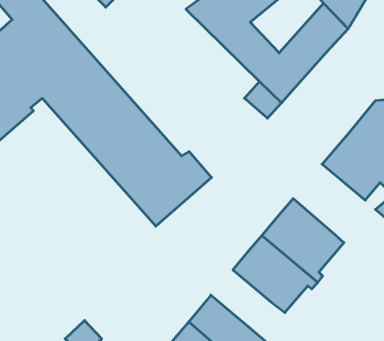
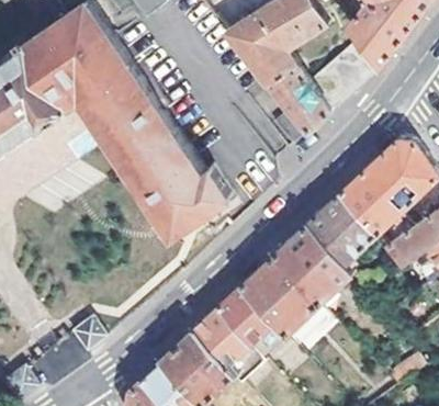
building: none -> [305,195,374,264]
building: none -> [215,286,272,343]

